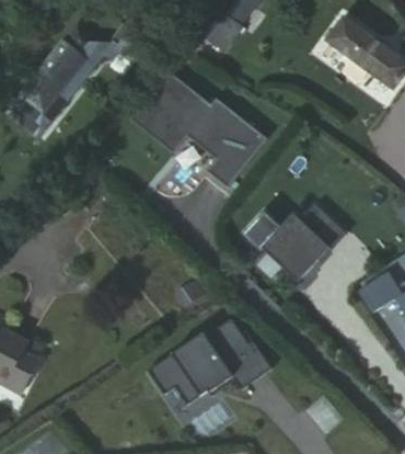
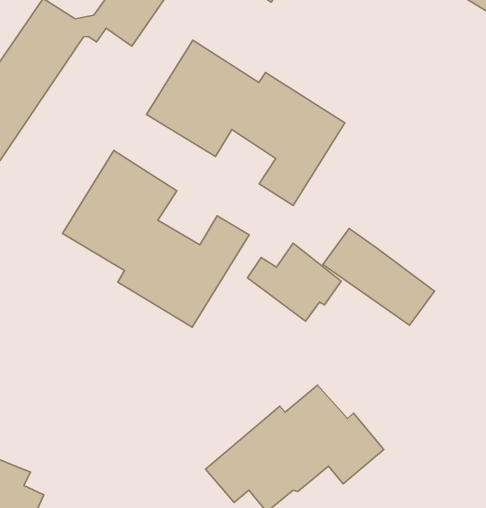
building: none -> [63,151,249,327]
building: [282,206,347,261] -> [248,243,341,321]

